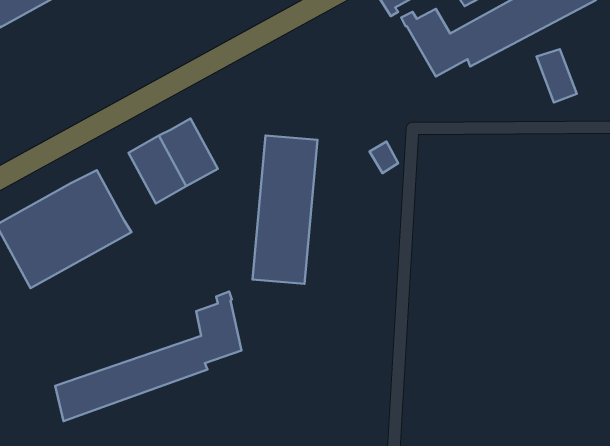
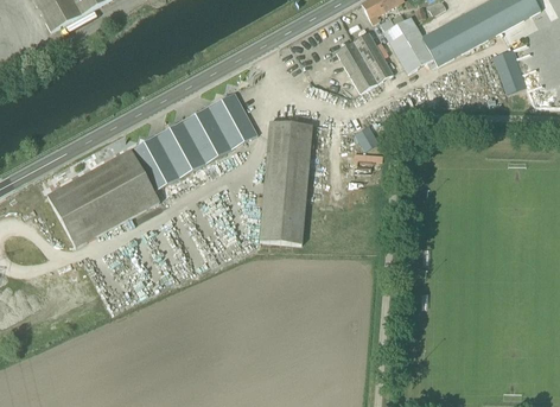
building: none -> [335,32,392,94]
building: none -> [206,93,256,148]
building: none -> [129,135,178,191]
building: [55,291,242,421] -> none

